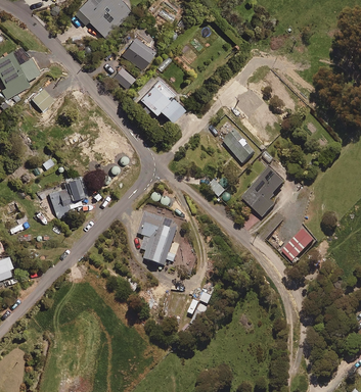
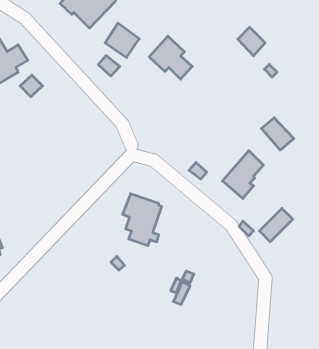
building: [139,77,184,121] -> [149,36,192,79]
building: [237,94,266,124] -> [238,27,265,56]
building: [223,129,257,162] -> [261,118,294,150]
building: [48,175,84,218] -> none

